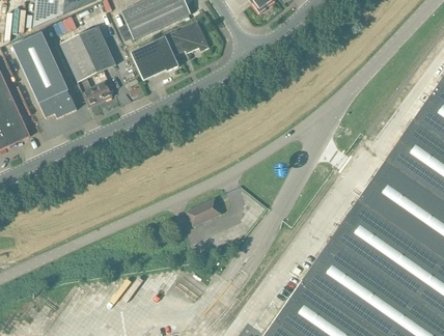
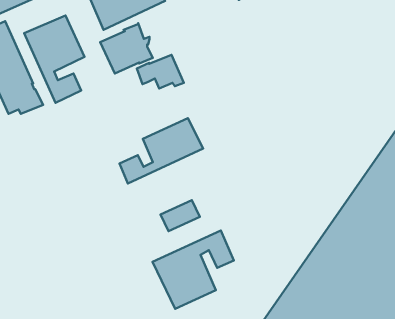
building: [165,22,209,53] -> [137,55,184,89]
building: none -> [119,118,203,183]
building: none -> [153,230,234,309]

